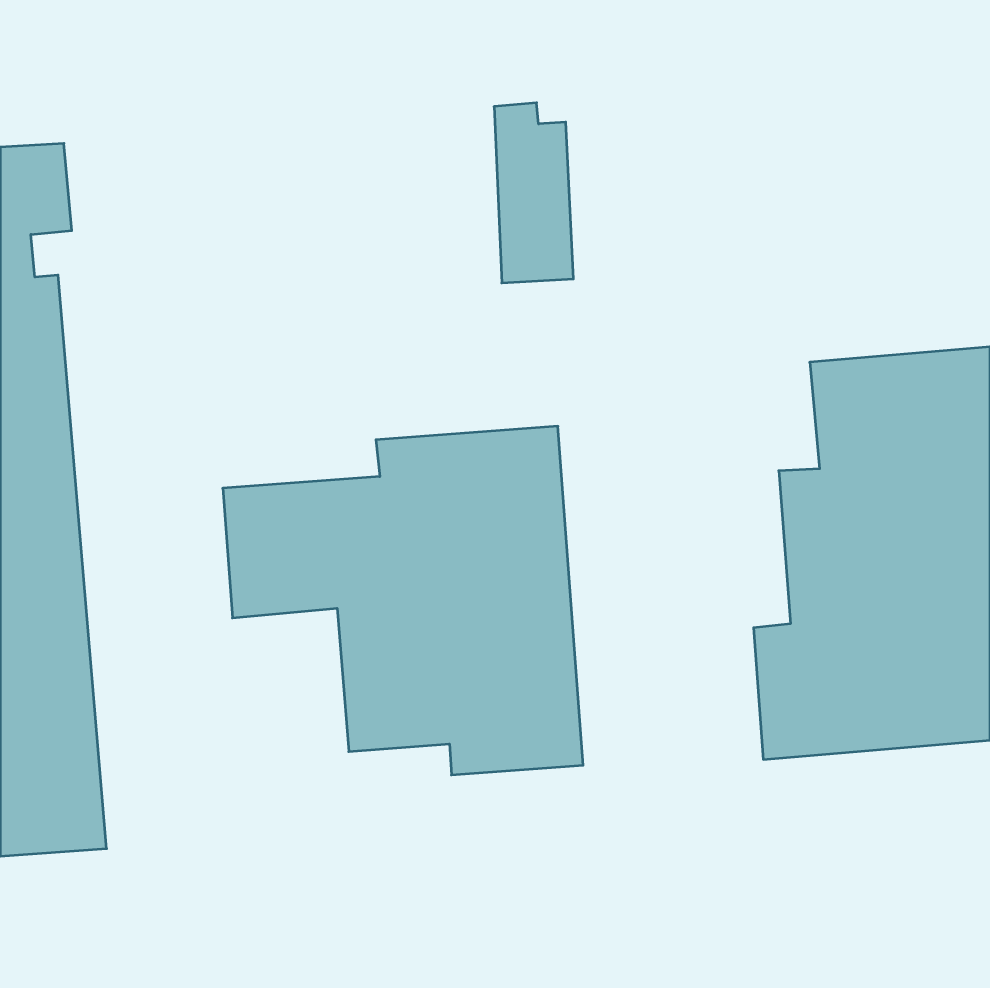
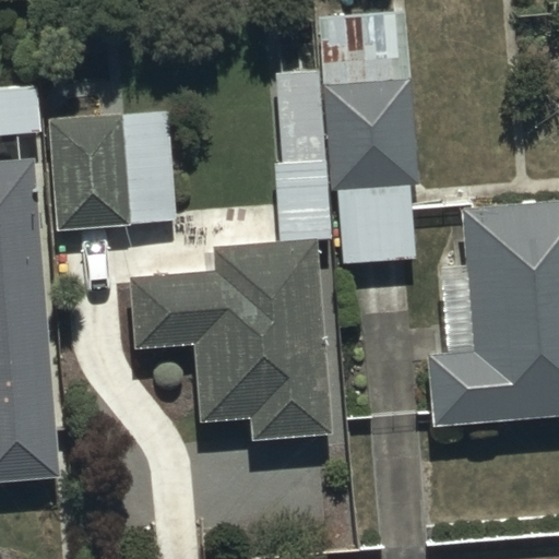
building: none -> [321,12,417,261]
building: none -> [47,107,173,233]

